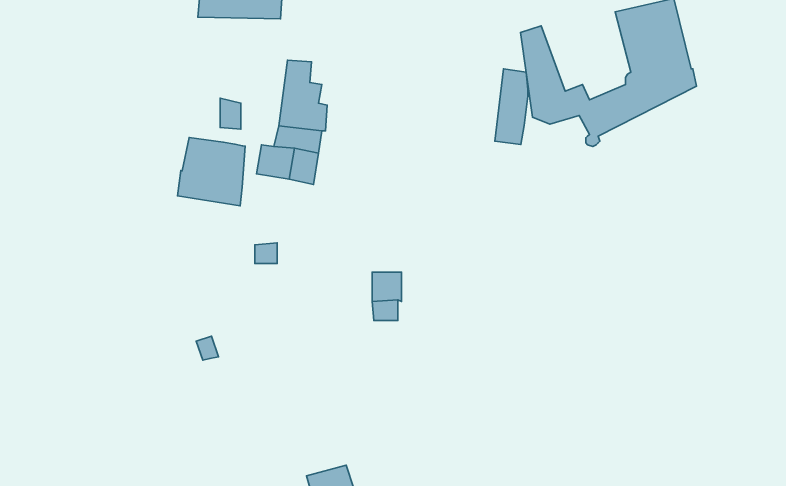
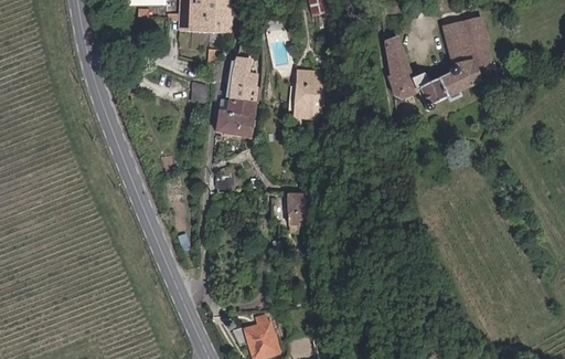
building: [495,69,528,145] -> [294,70,315,118]
building: [178,138,245,206] -> none

